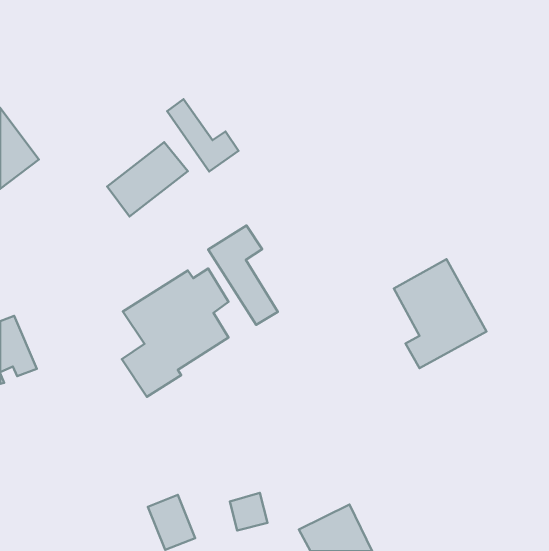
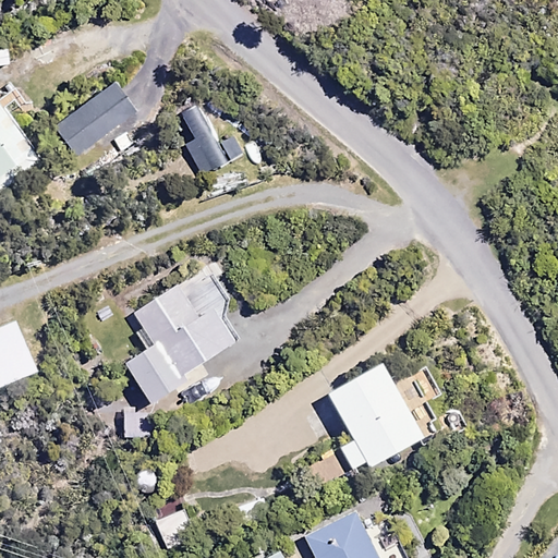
building: [107,142,188,217] -> [54,82,136,157]
building: [208,225,278,325] -> none
building: [394,259,487,368] -> [328,363,422,473]

